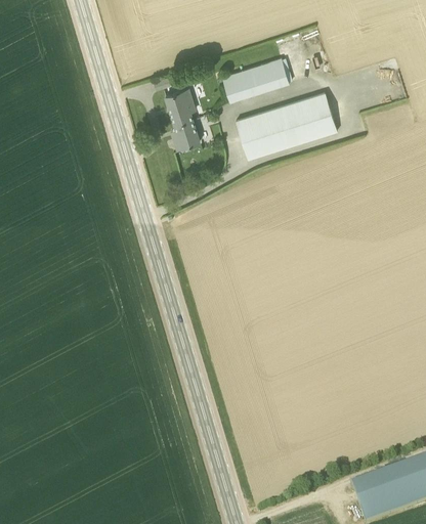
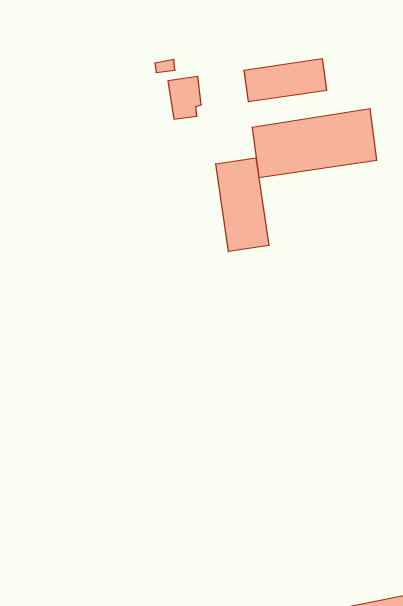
building: [172,119,199,148] -> none
building: none -> [216,158,269,252]

